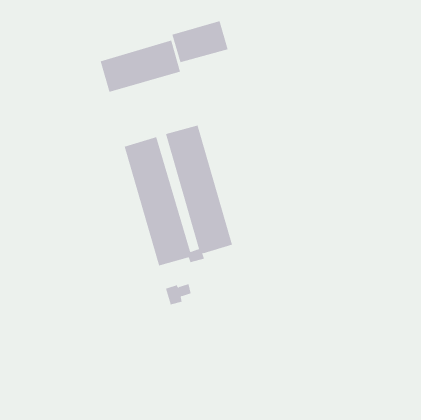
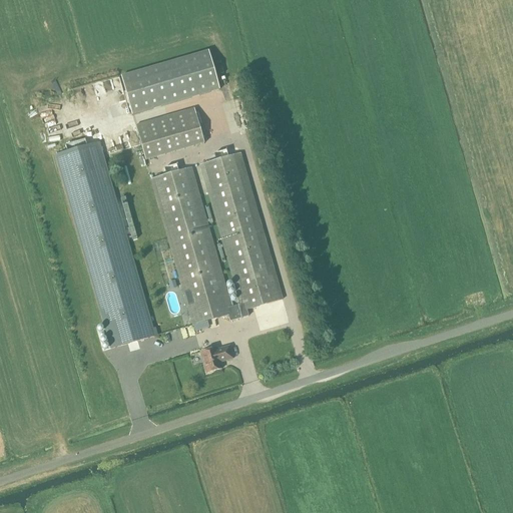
building: [172,21,228,63] -> [136,106,205,157]
building: none -> [56,140,155,347]

